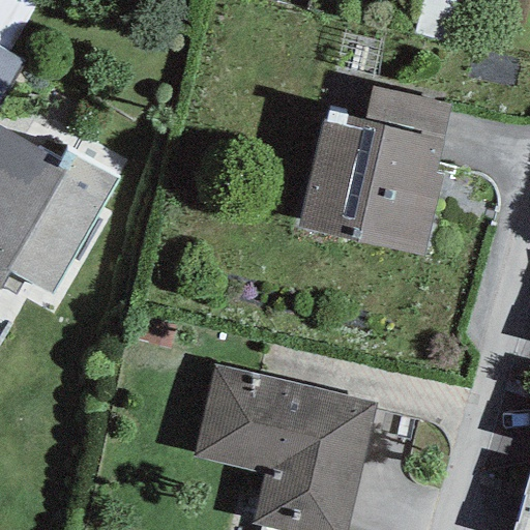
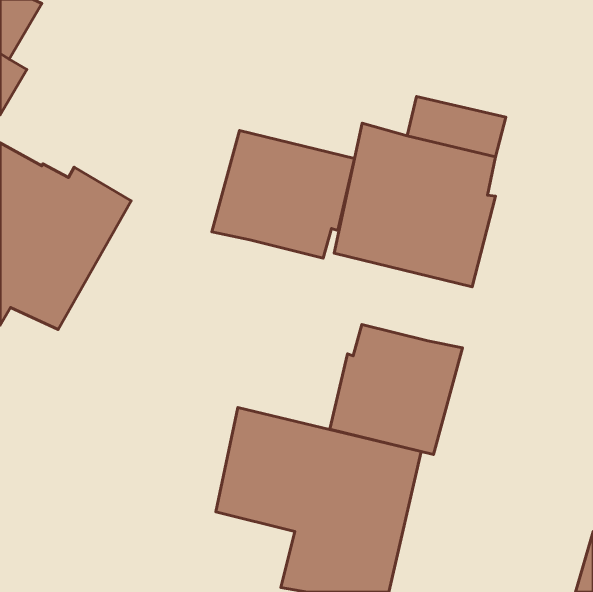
building: none -> [212,130,355,258]
building: none -> [330,324,462,455]

